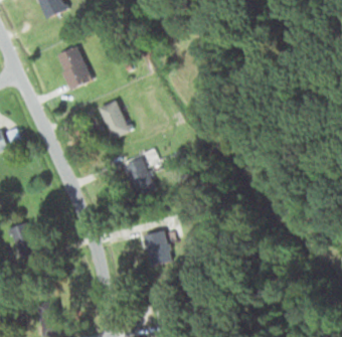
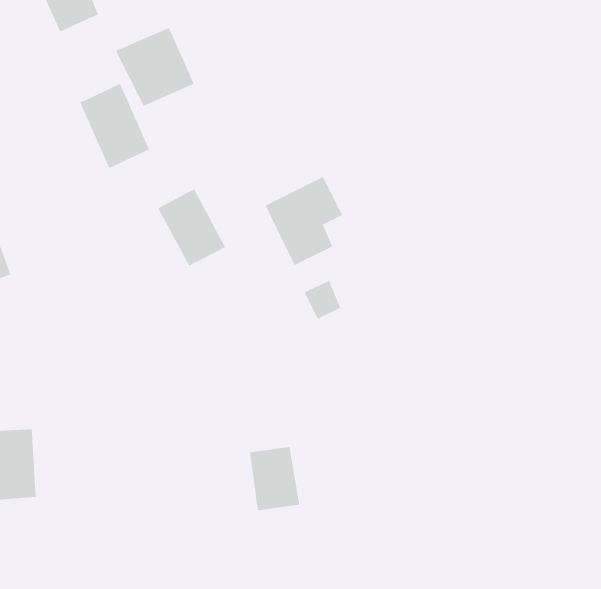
building: none -> [115,27,194,107]
building: [122,149,162,195] -> [265,176,343,266]

